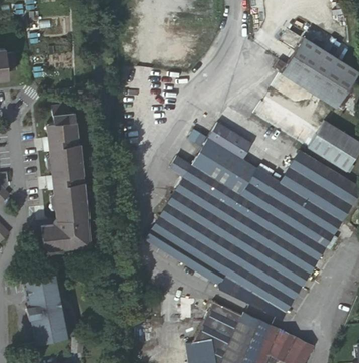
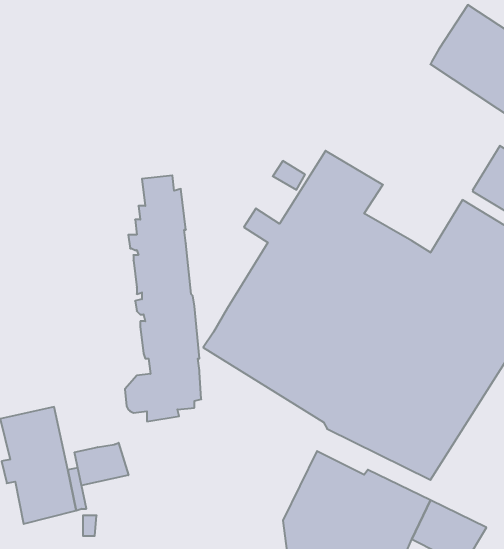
building: [42,106,87,251] -> [125,175,201,421]
building: none -> [75,443,128,485]

